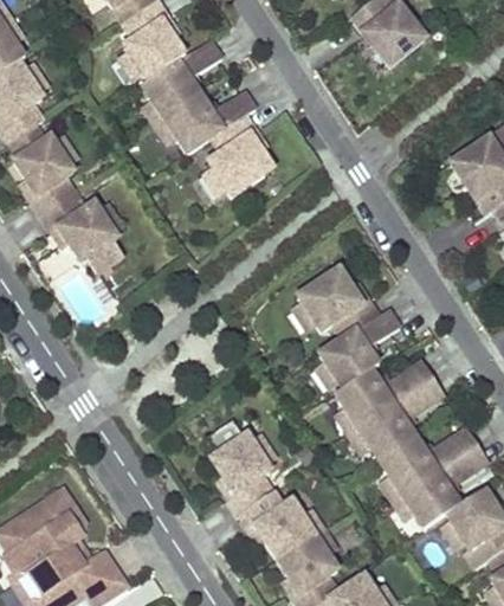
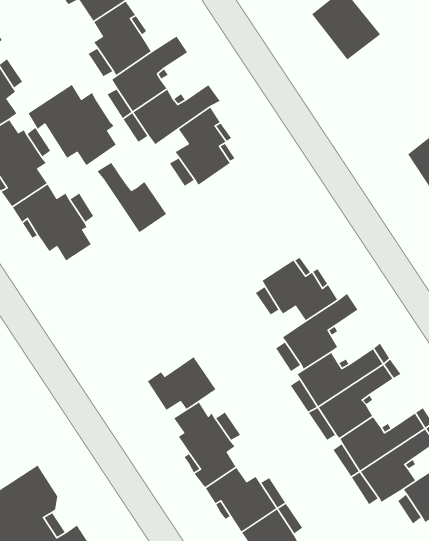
building: none -> [27,84,117,166]
building: none -> [96,162,167,233]
building: none -> [147,356,216,411]

